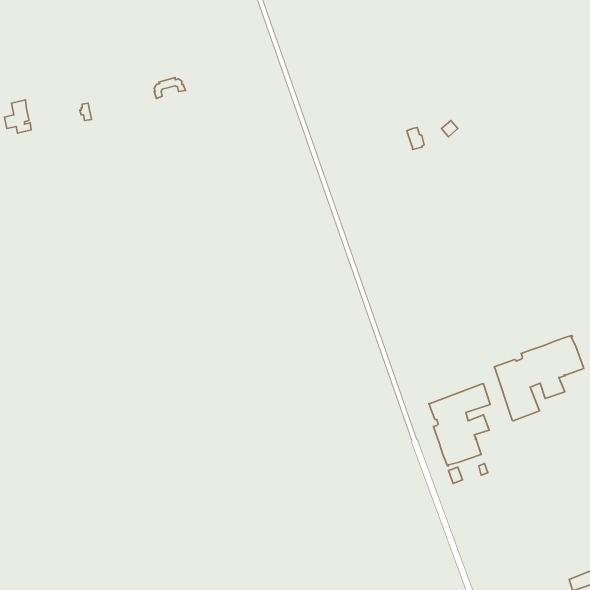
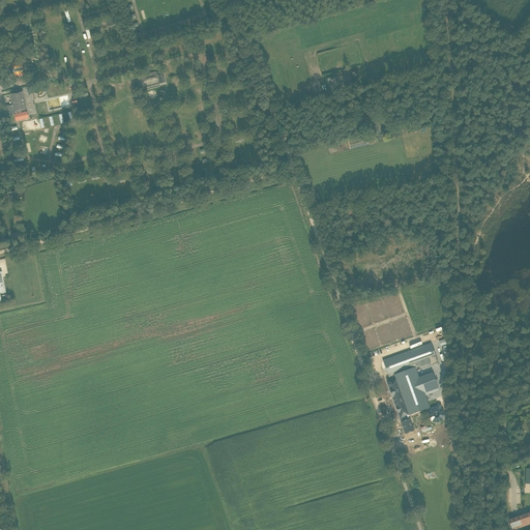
building: [494,335,584,421] -> none

